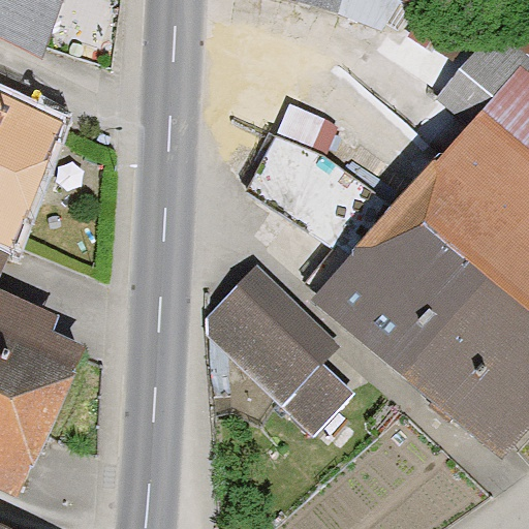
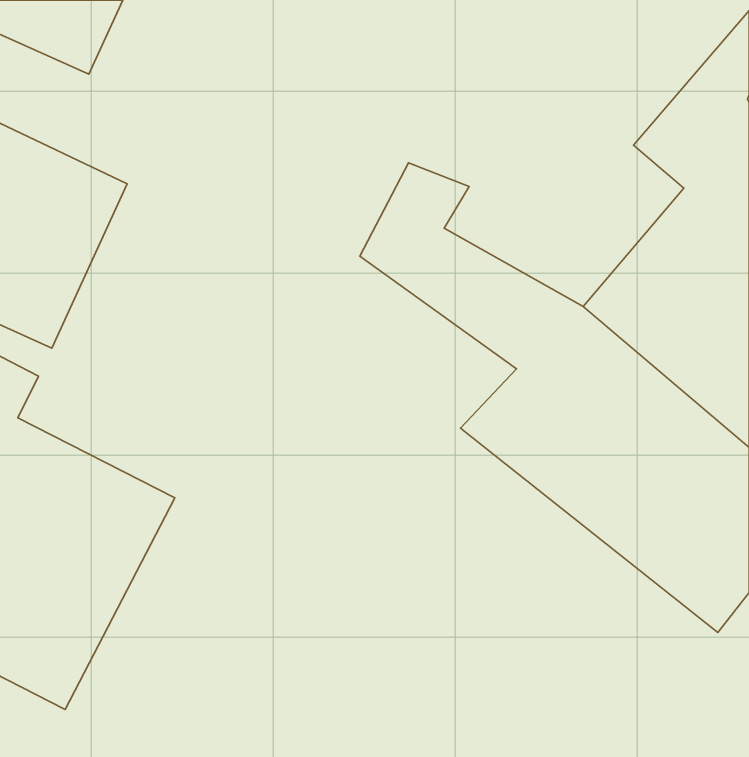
building: [205,271,346,435] -> none

